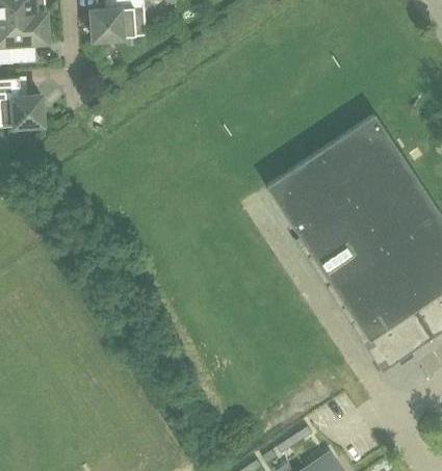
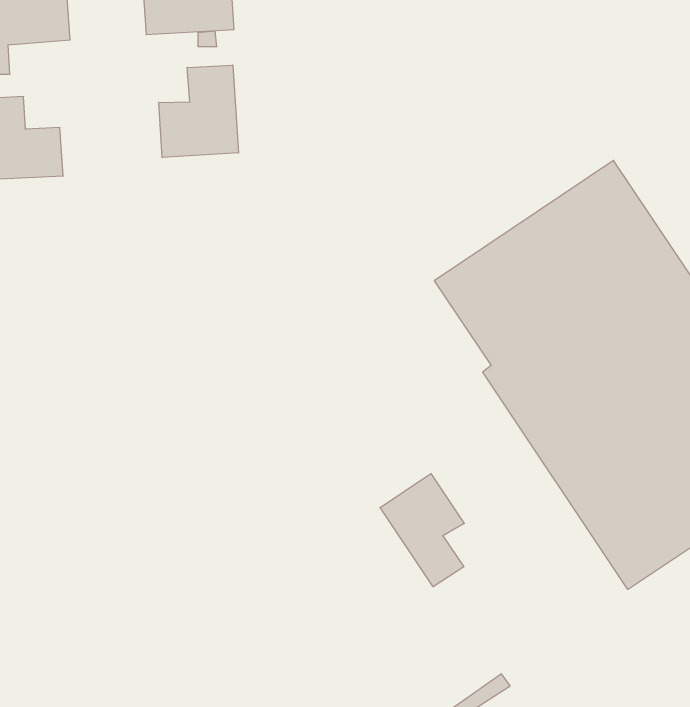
building: none -> [159,65,239,158]
building: none -> [380,474,464,587]

